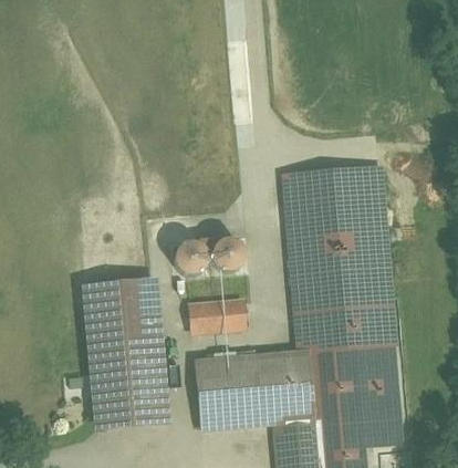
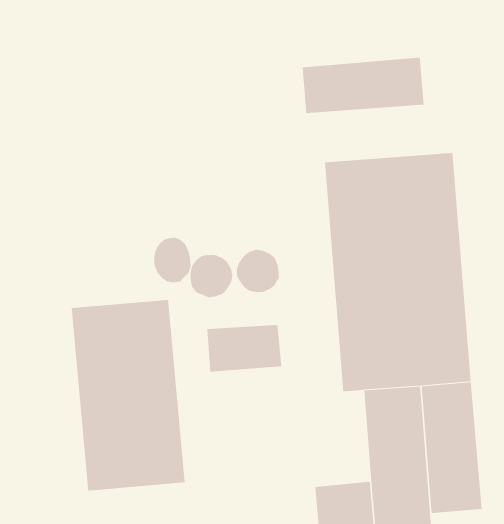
building: none -> [302,57,424,114]
building: none -> [154,237,191,283]
building: [195,349,316,430] -> none

